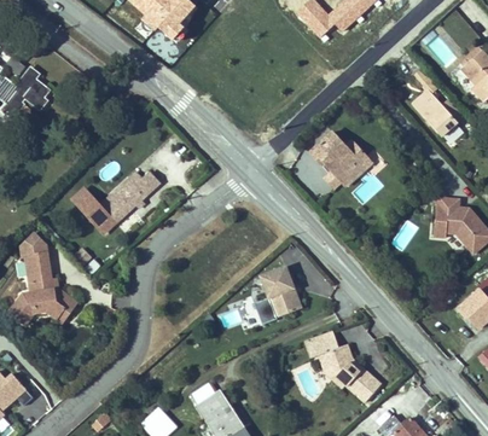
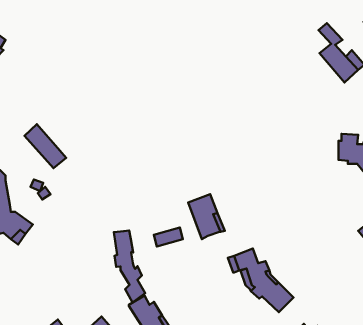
building: [309,133,371,190] -> none
building: [105,170,162,225] -> none
building: none -> [114,231,145,303]

